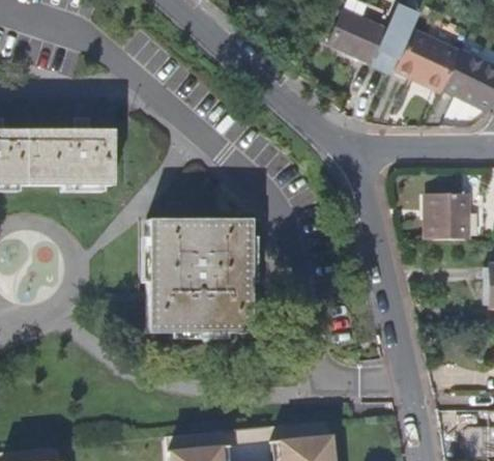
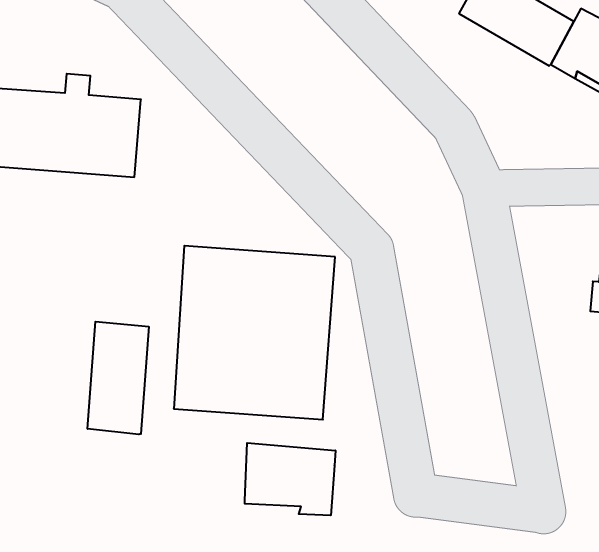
building: none -> [88,322,149,434]
building: none -> [245,443,335,515]

